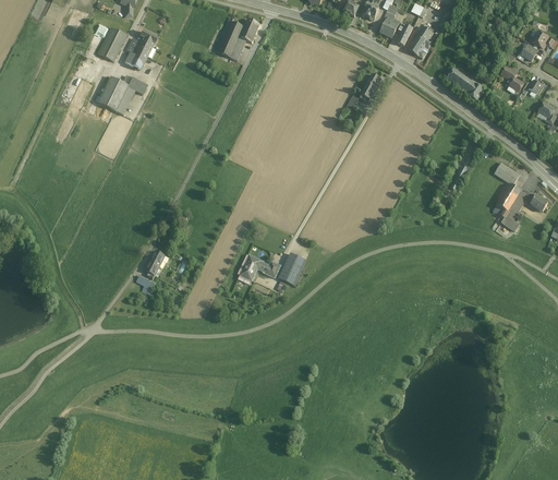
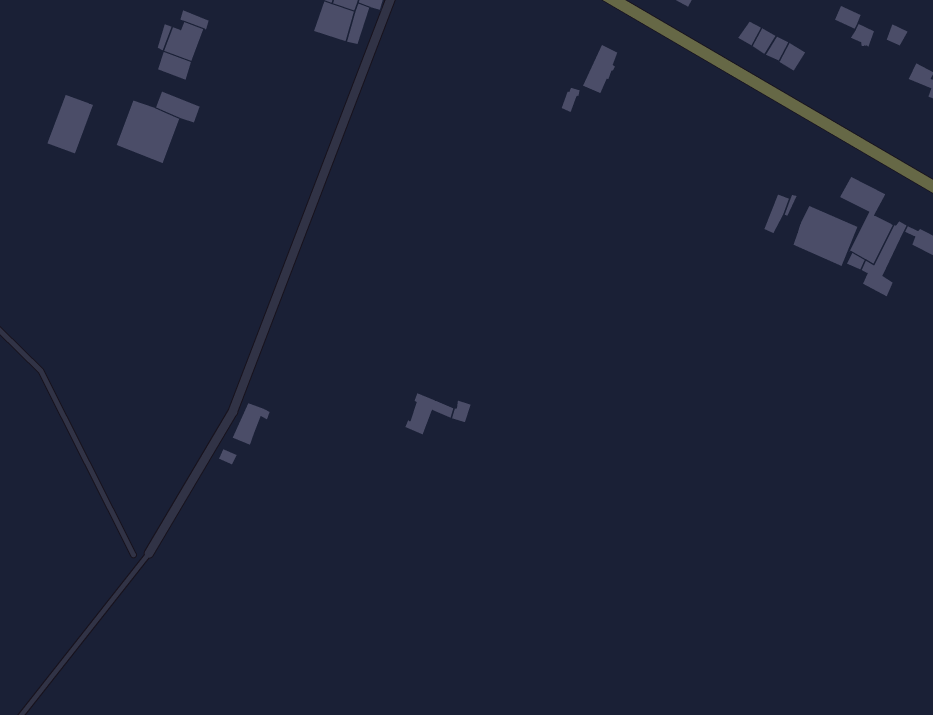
building: [97,26,125,60] -> [47,94,94,154]
building: none -> [793,205,858,267]
building: [278,252,307,285] -> none

